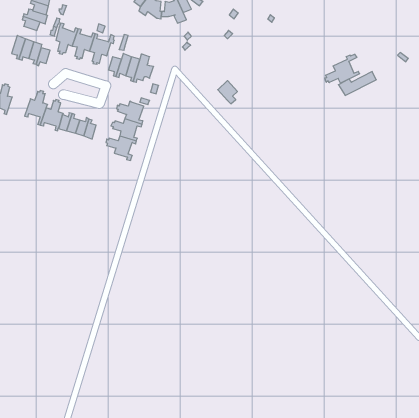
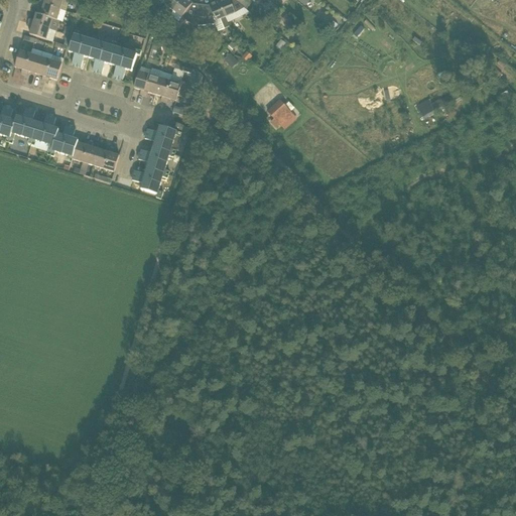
building: [325,54,360,83] -> none
building: none -> [8,105,37,142]

